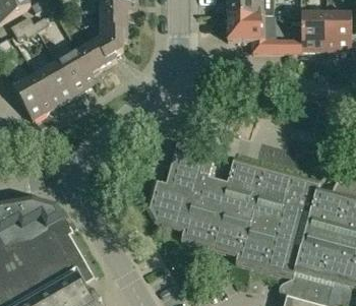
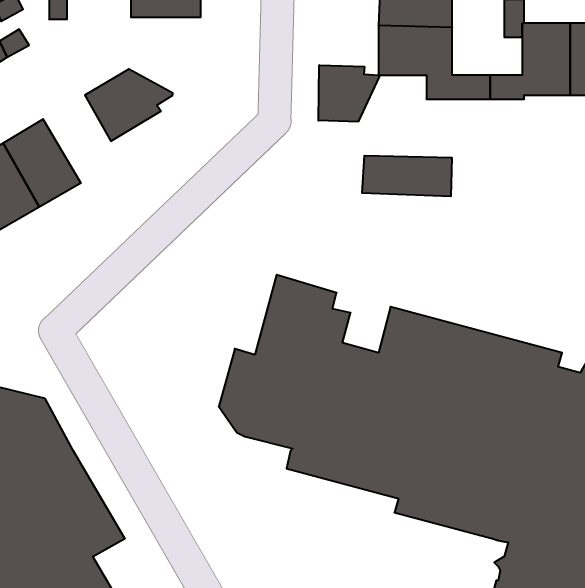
building: [100,11,126,50] -> none
building: none -> [318,65,379,122]
building: [56,51,97,96] -> none
building: none -> [362,156,452,196]

